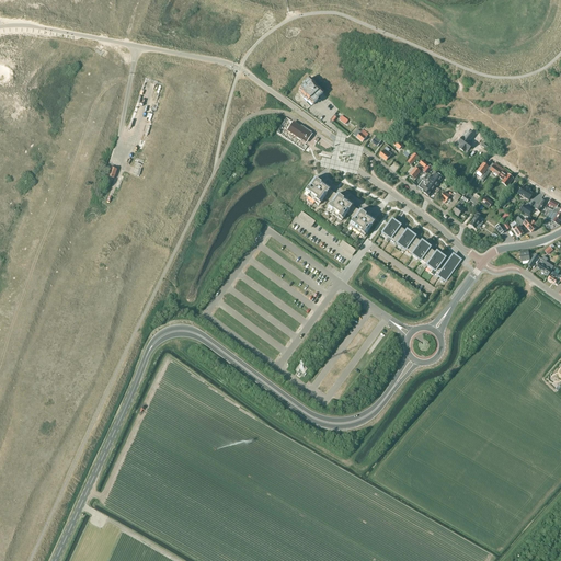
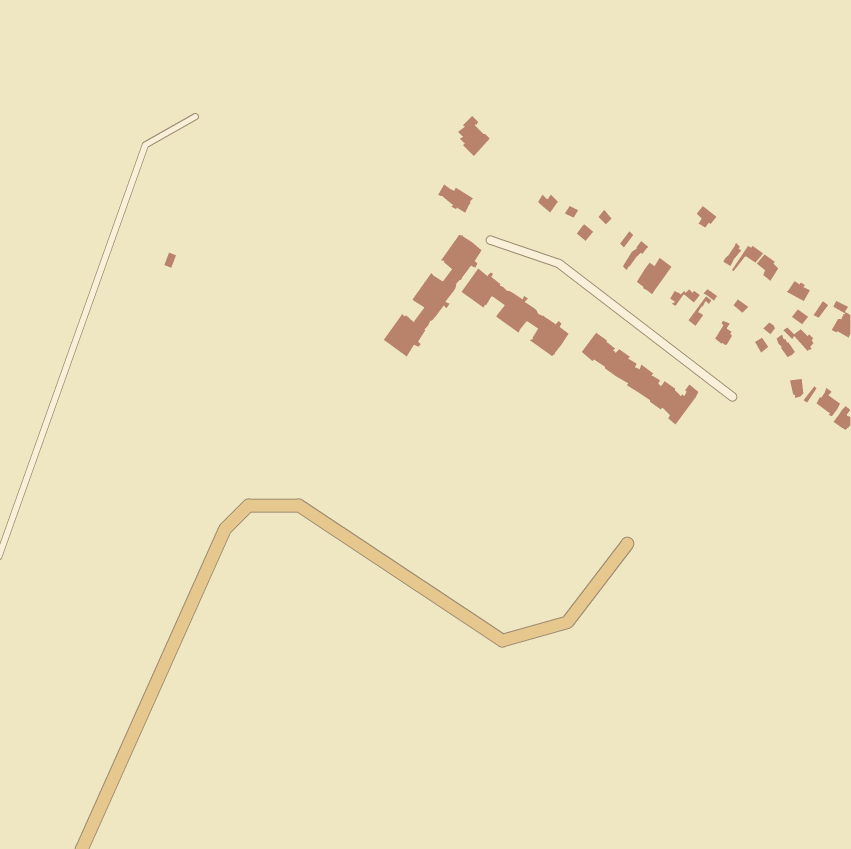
building: none -> [383,234,484,358]

